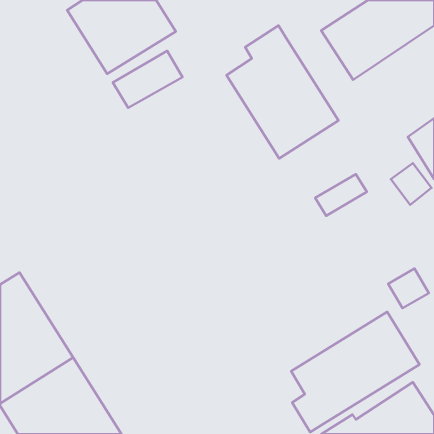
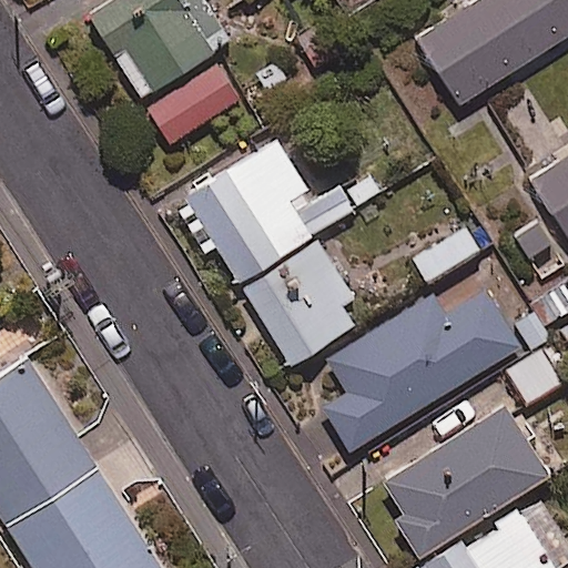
building: [227,26,338,158] -> none
building: none -> [189,141,355,278]
building: none -> [243,241,353,364]
building: none -> [324,286,520,449]

